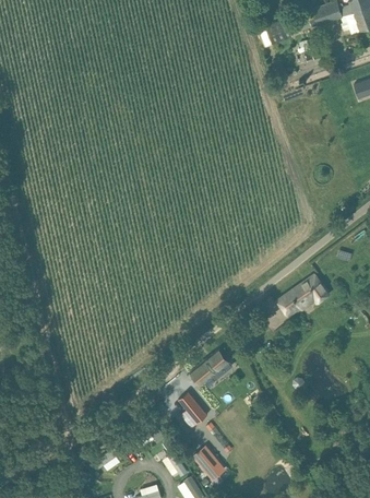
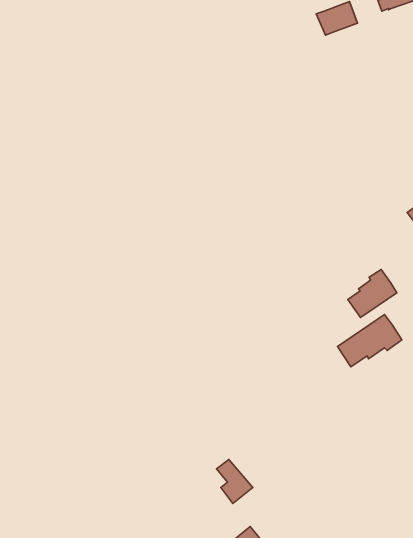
building: none -> [348,270,397,318]
building: [193,349,231,382] -> none

